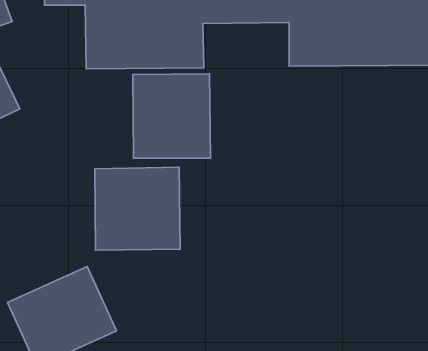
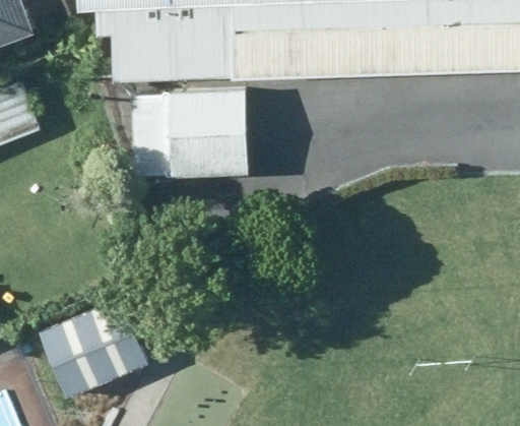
building: [95,167,180,250] -> none

